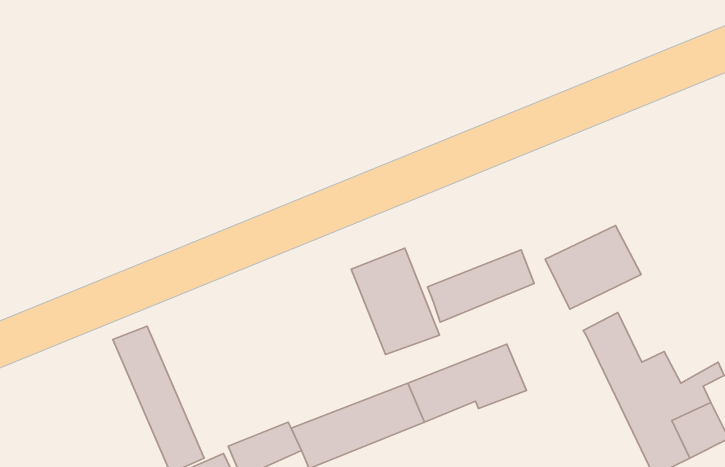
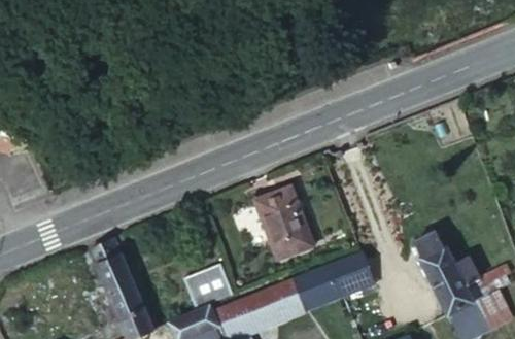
building: [545,226,641,309] -> none
building: [428,250,534,322] -> none
building: none -> [183,264,233,309]

